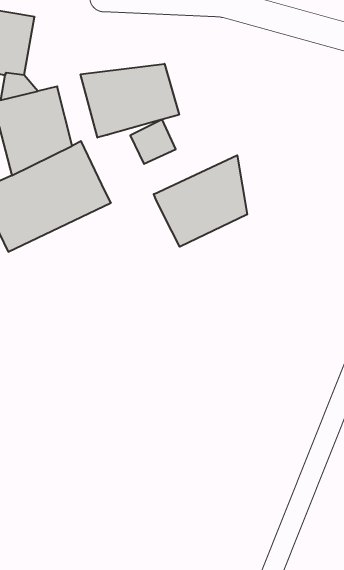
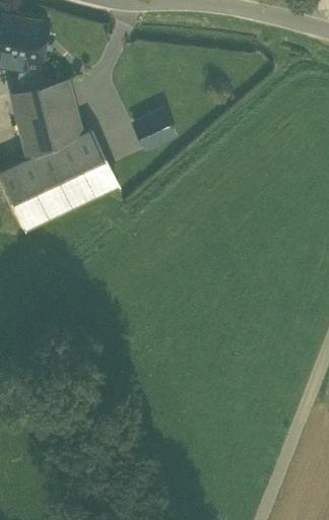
building: [81,64,179,138] -> none
building: [154,155,247,247] -> none

